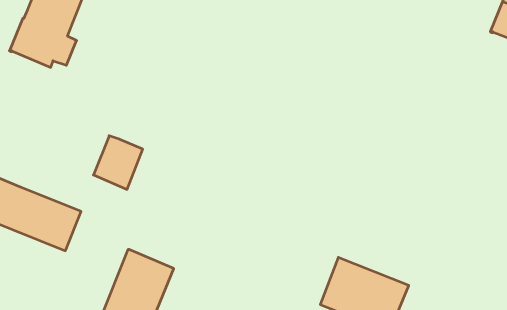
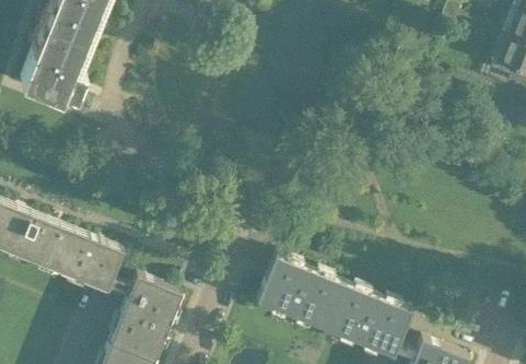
building: [93,136,143,189] -> [75,240,124,293]
building: none -> [258,259,342,331]

